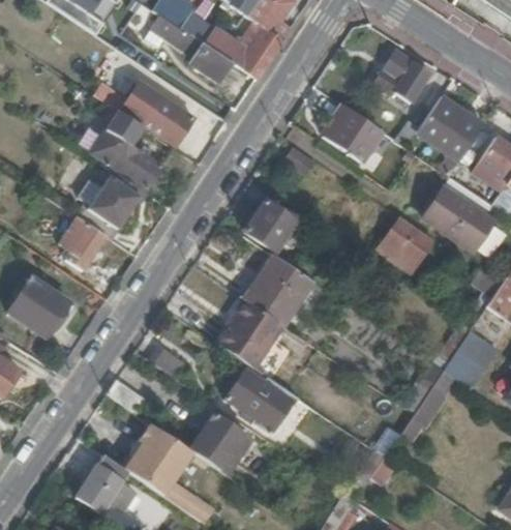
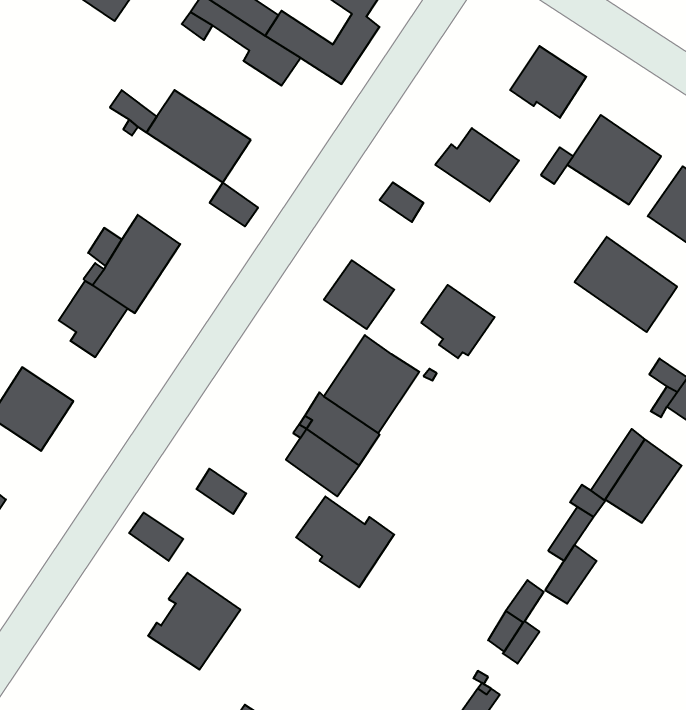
building: [93,115,161,189] -> none
building: [384,216,435,268] -> [421,285,495,358]
building: [190,413,249,470] -> none
building: [77,455,127,513] -> none

